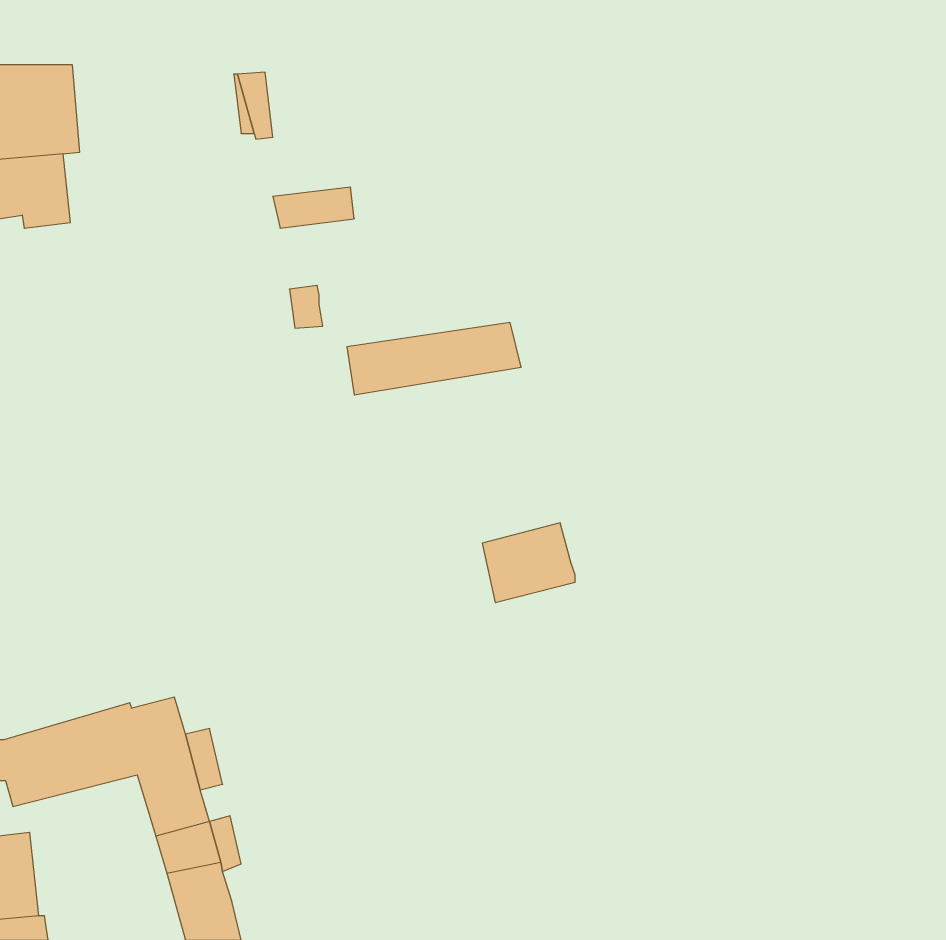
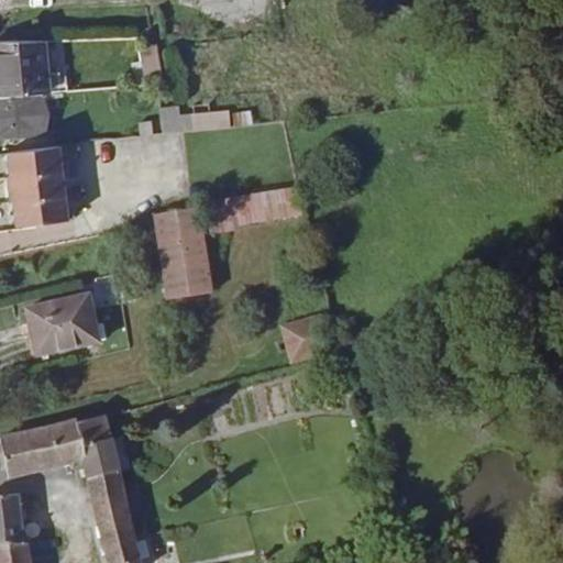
building: none -> [8,147,70,228]
building: none -> [152,211,208,303]
building: none -> [24,294,98,352]

